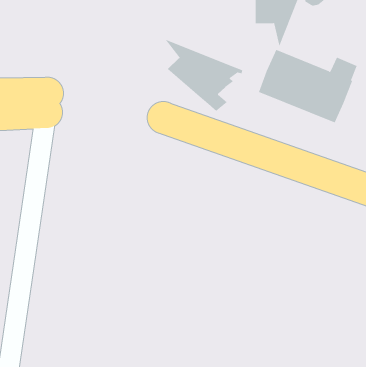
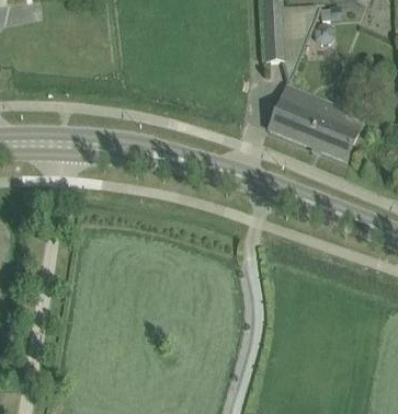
building: [164,38,243,112] -> none

